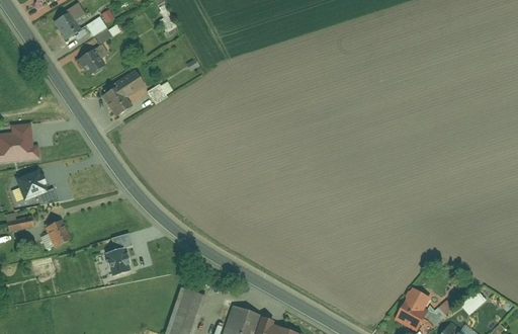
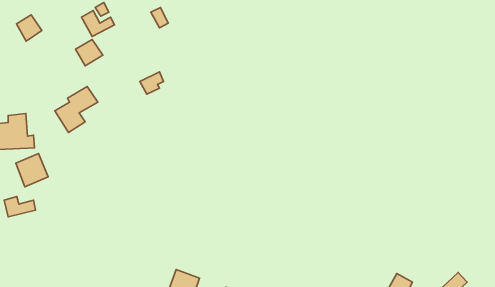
building: [56,11,82,38] -> [17,15,42,41]
building: [103,69,148,116] -> [55,87,98,132]
building: [47,219,73,247] -> none
building: [105,248,131,276] -> none

